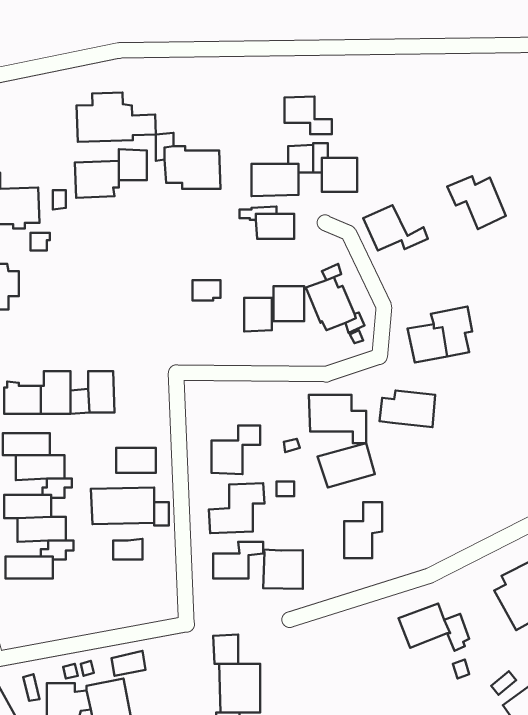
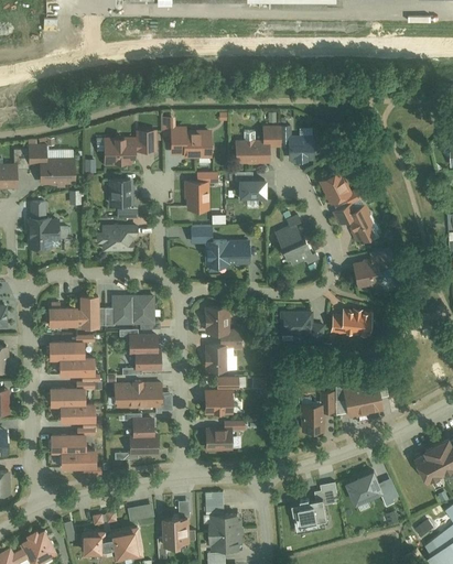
building: [77,93,156,142] -> none
building: [284,96,332,134] -> none
building: [447,176,506,229] -> [332,203,376,242]
building: none -> [183,172,217,210]
building: none -> [109,182,138,217]
building: none -> [96,226,137,250]
building: [273,286,304,321] -> [205,240,228,267]
building: none -> [130,295,154,326]
building: none -> [204,308,229,334]
building: none -> [128,335,157,352]
building: [318,443,375,487] -> [343,386,386,419]
building: [263,550,303,589] -> none
building: none -> [128,436,158,456]
building: none -> [60,451,95,468]
building: none -> [292,492,327,535]
building: none -> [162,518,187,544]

